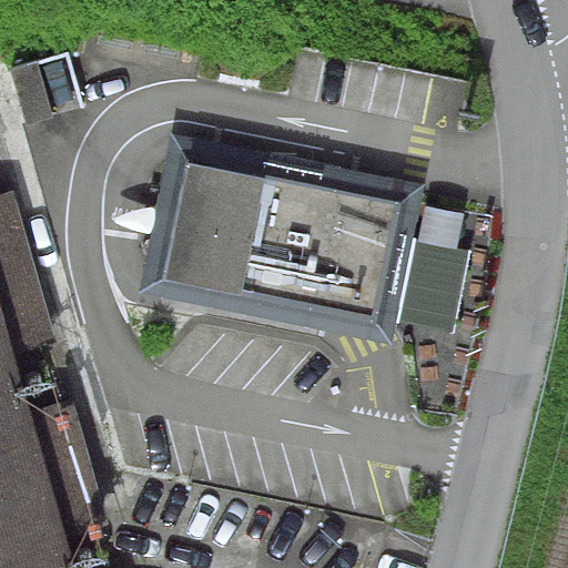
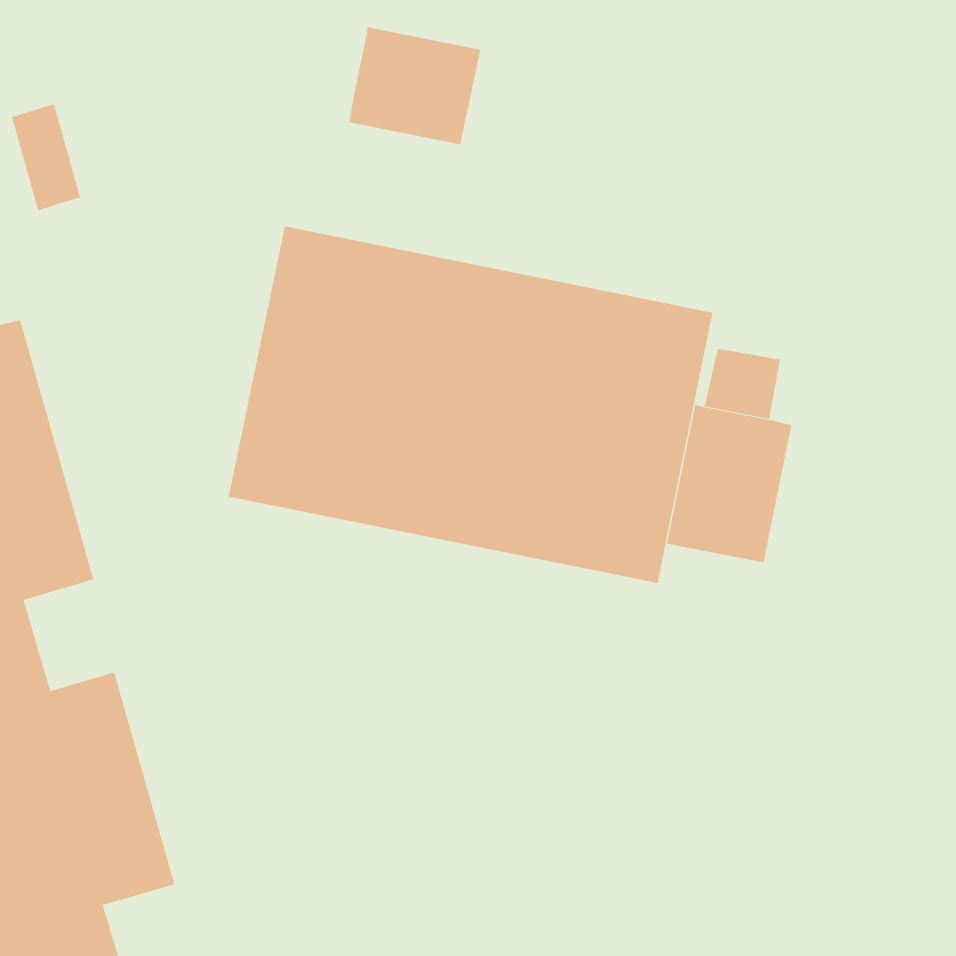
building: none -> [349,26,481,145]

